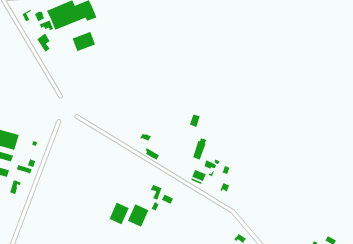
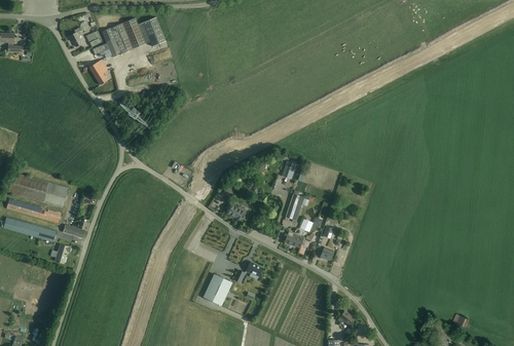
building: [72,31,96,52] -> none
building: [108,202,130,225] -> none

